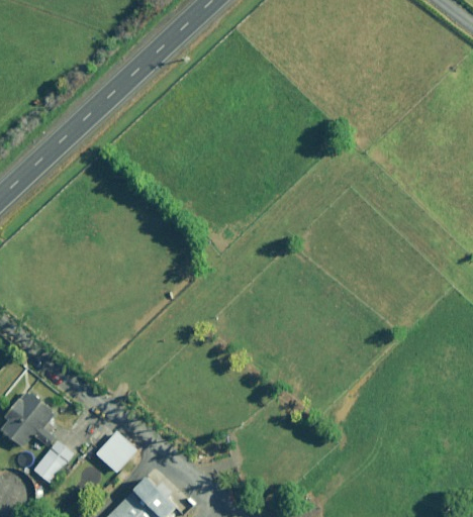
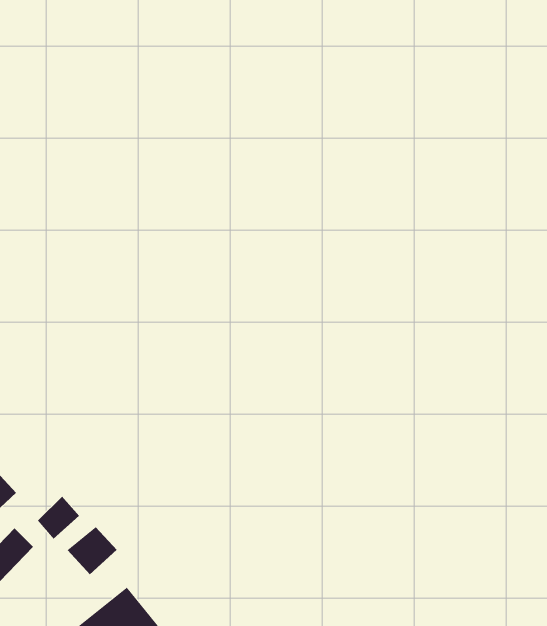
building: none -> [37,496,80,539]

